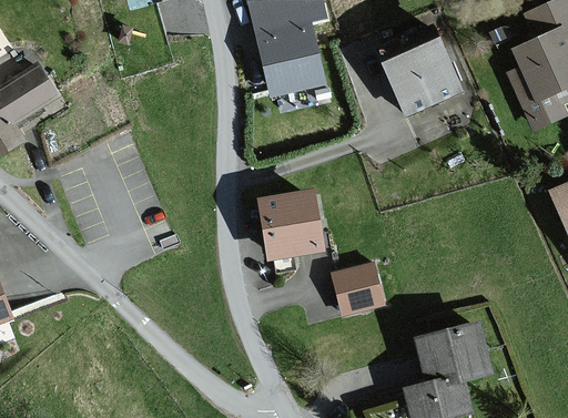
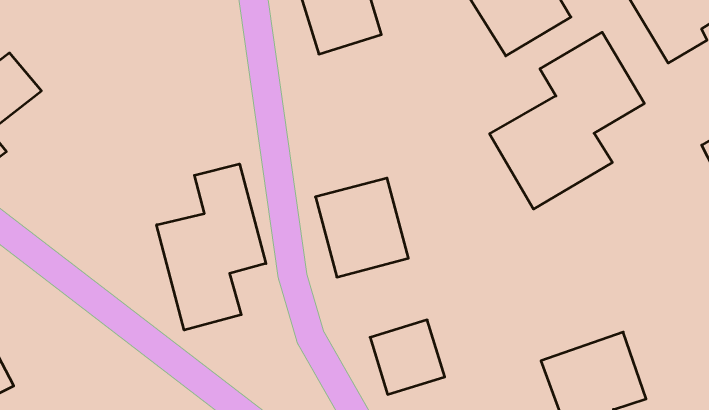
building: none -> [490,32,644,209]
building: none -> [157,164,266,330]
building: [334,263,387,316] -> [370,320,445,394]

